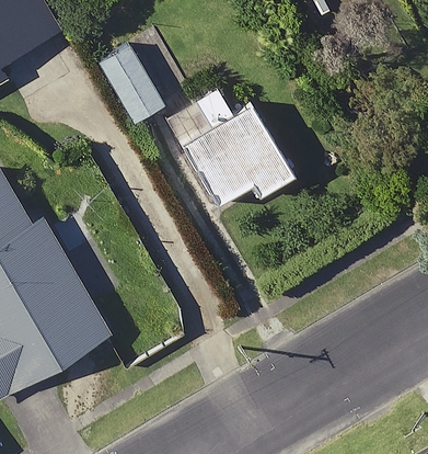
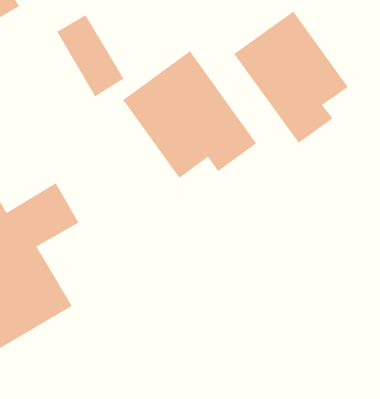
building: none -> [233,11,349,144]

